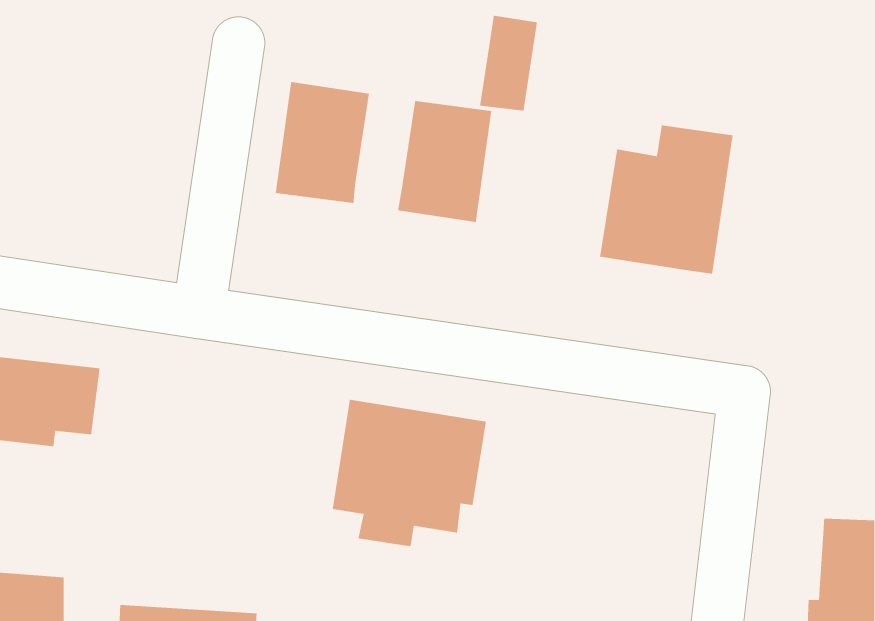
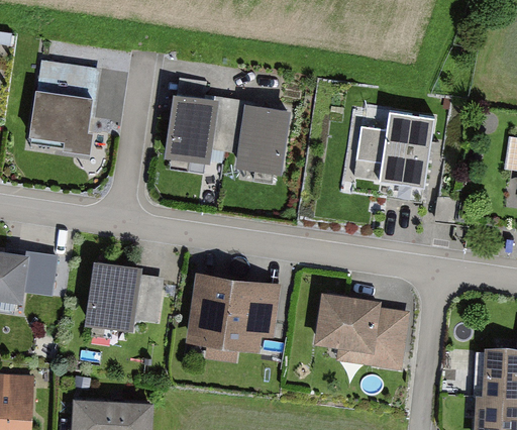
building: [479,15,538,111] -> [210,97,244,153]
building: none -> [29,61,97,151]
building: none -> [98,266,171,331]
building: none -> [313,293,409,370]

